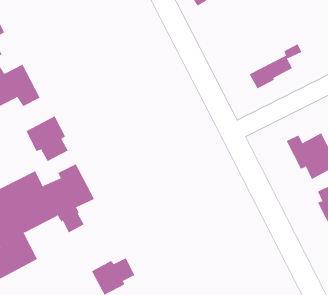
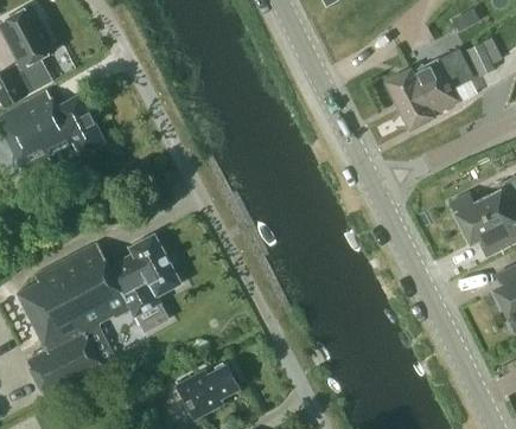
building: none -> [465,36,501,75]
building: none -> [384,49,466,108]
building: [26,116,68,162] -> none

